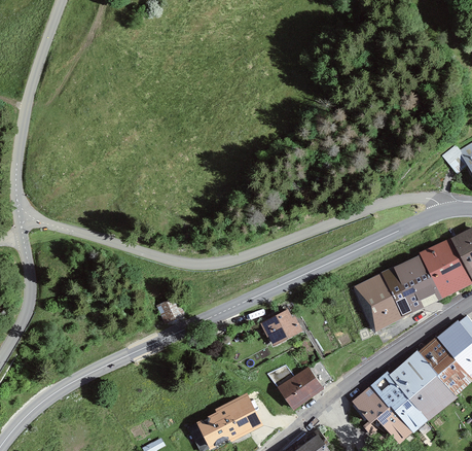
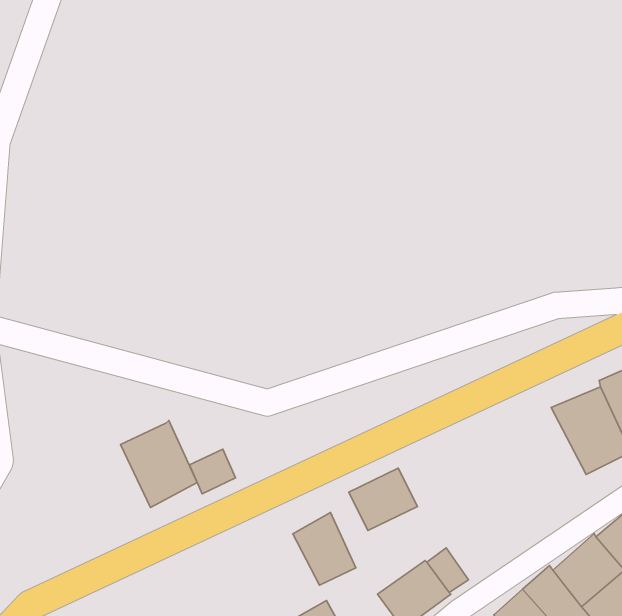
building: [352,269,410,331] -> none
building: none -> [121,420,197,507]
building: none -> [293,513,356,585]

